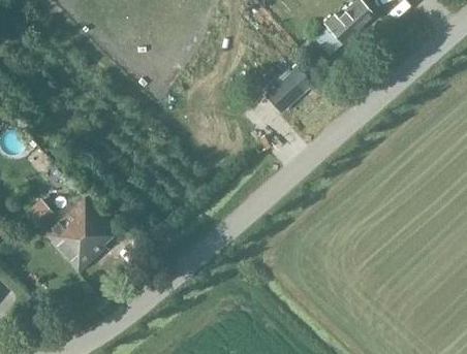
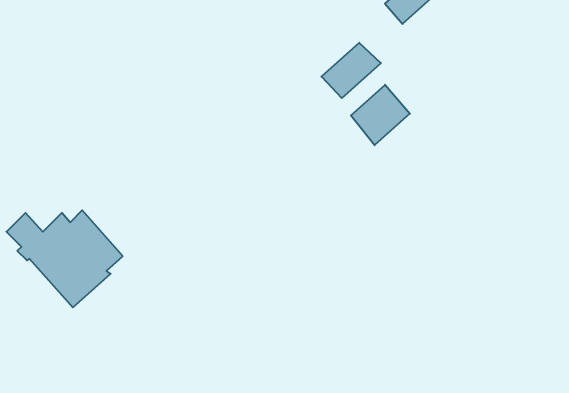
building: none -> [351,85,410,145]

